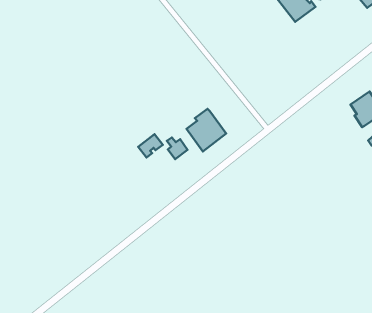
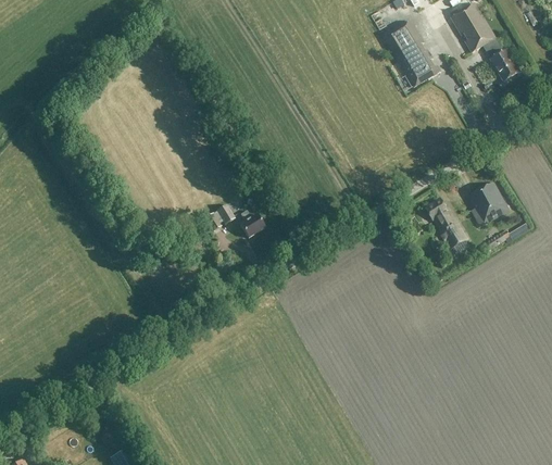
building: [186,109,226,151] -> none
building: none -> [426,199,465,246]

